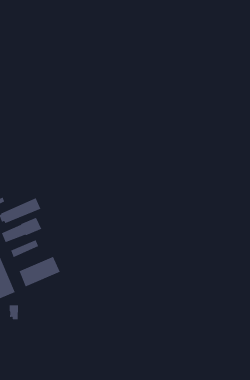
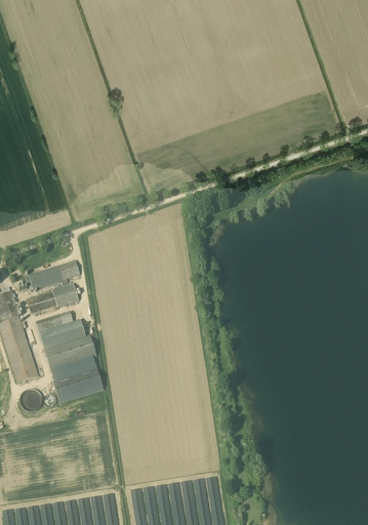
building: none -> [39,319,85,348]
building: none -> [52,367,104,405]

